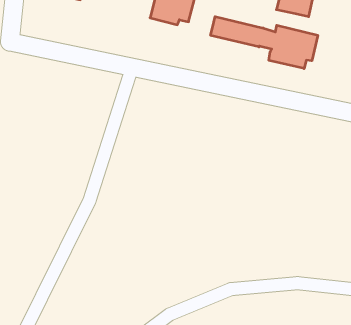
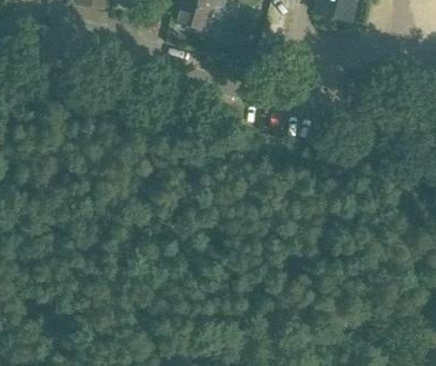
building: [211,17,318,69] -> none

